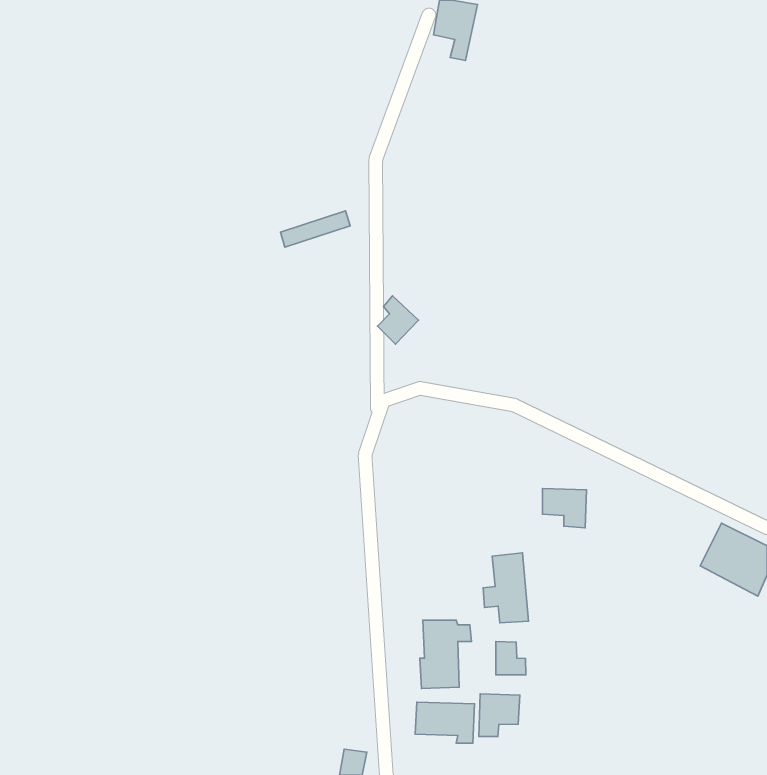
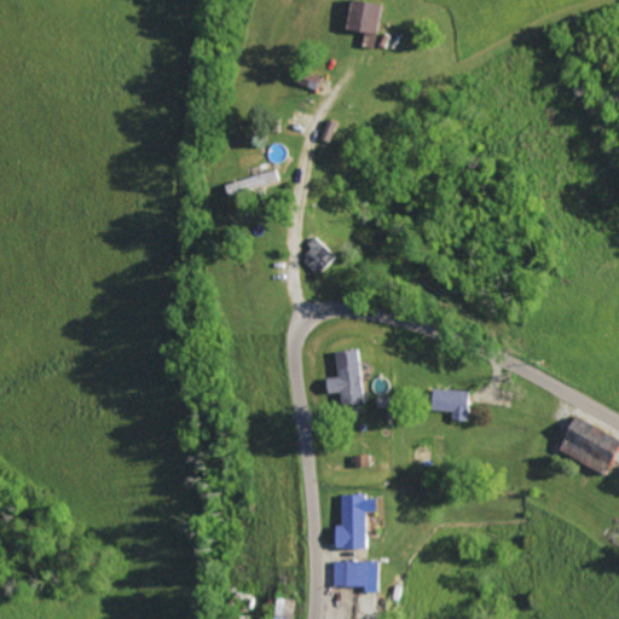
building: [483,553,529,623] -> [326,349,363,405]
building: [496,641,526,675] -> none
building: [479,694,520,737] -> none

